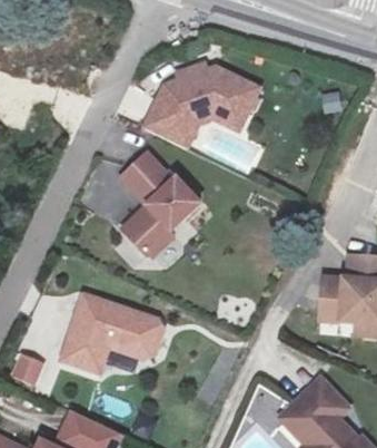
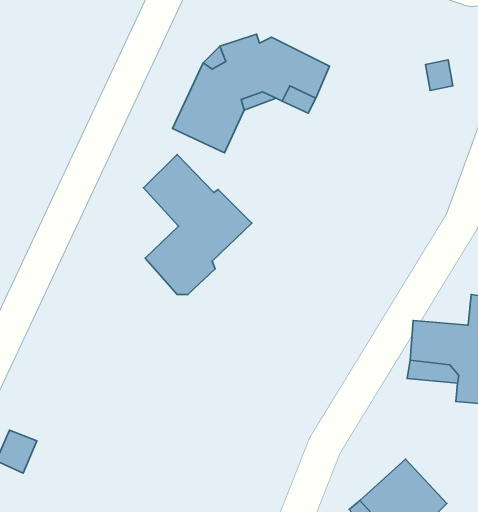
building: [67,294,165,370] -> none

